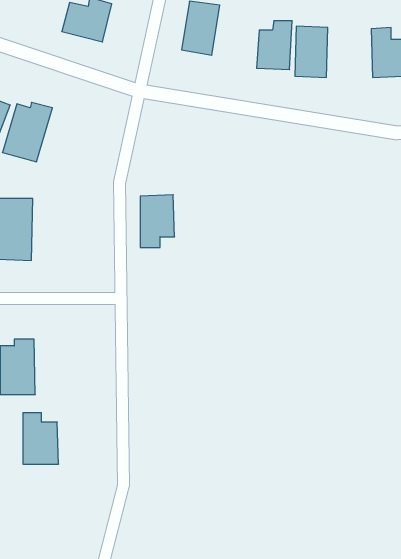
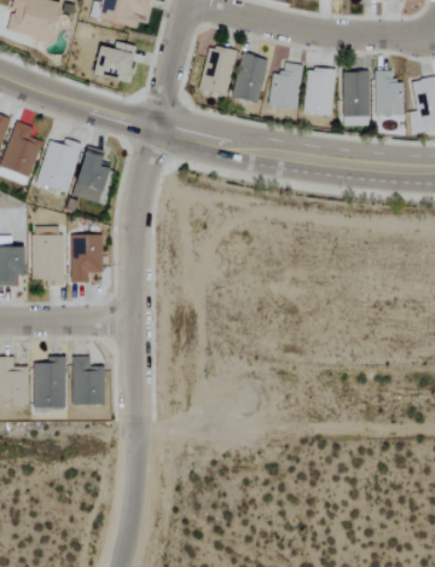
building: none -> [233,53,269,104]
building: none -> [343,71,371,126]
building: none -> [72,146,110,203]
building: [140,195,175,247] -> [72,235,104,283]
building: [23,413,59,464] -> [74,357,106,404]

